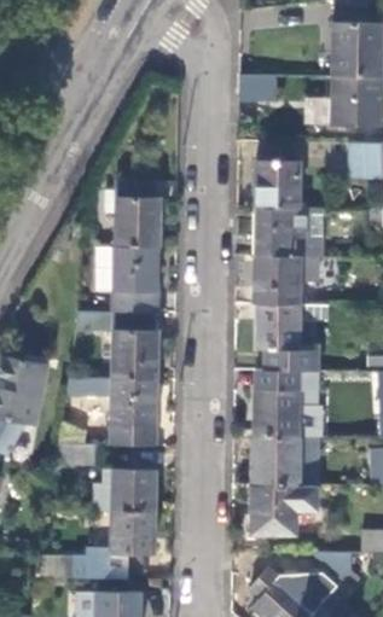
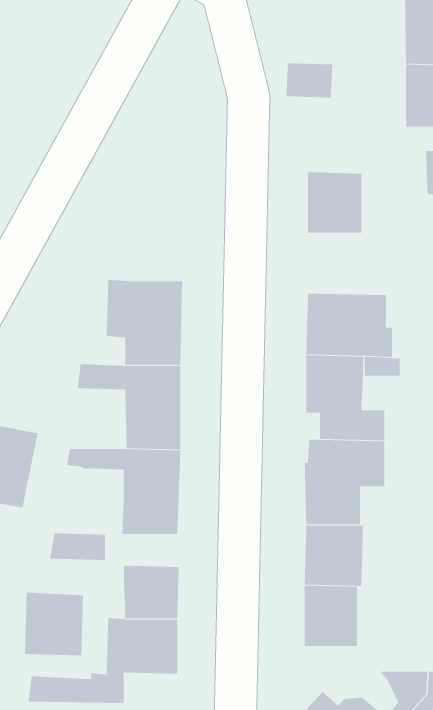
building: [106,180,158,245] -> none
building: [256,208,323,256] -> none
building: none -> [24,592,84,656]

